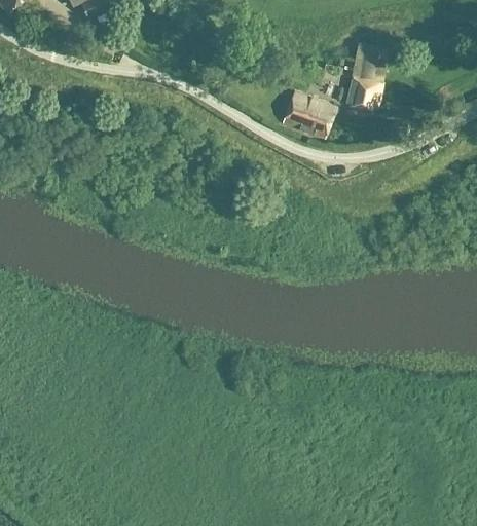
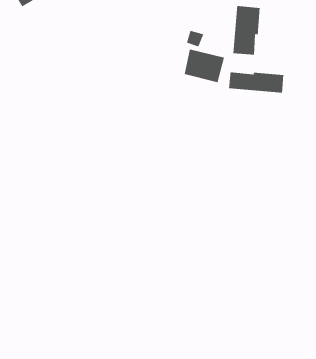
building: none -> [229,71,284,94]

